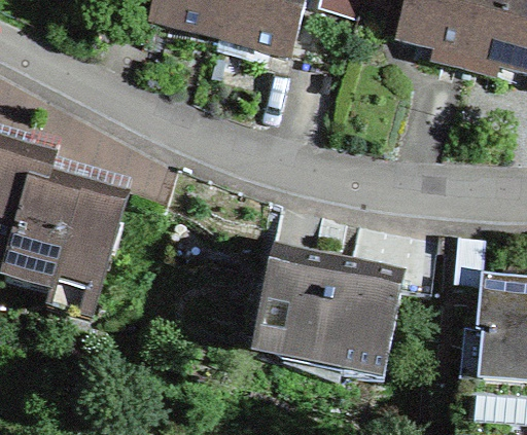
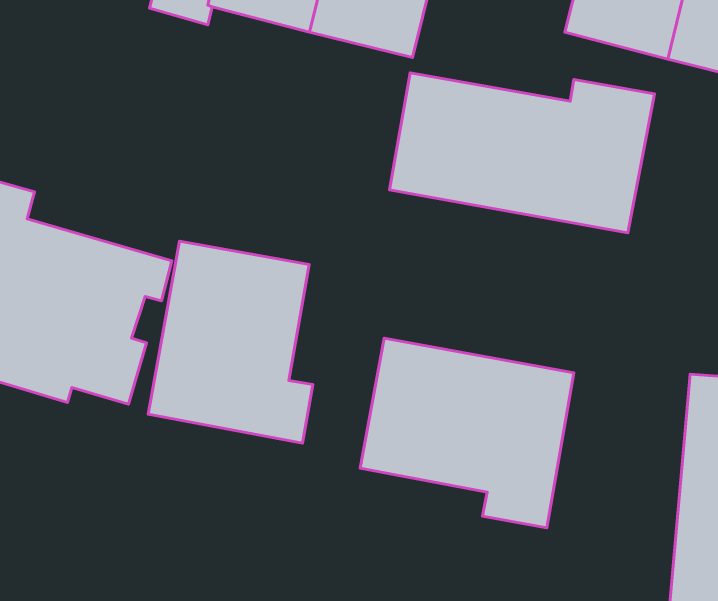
building: none -> [389,73,655,233]
building: none -> [148,241,313,443]

